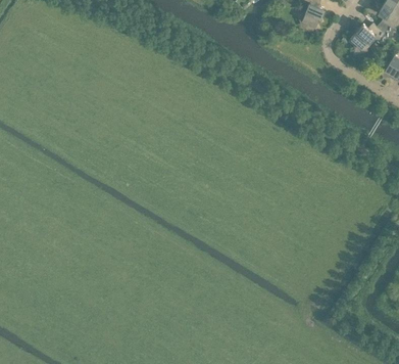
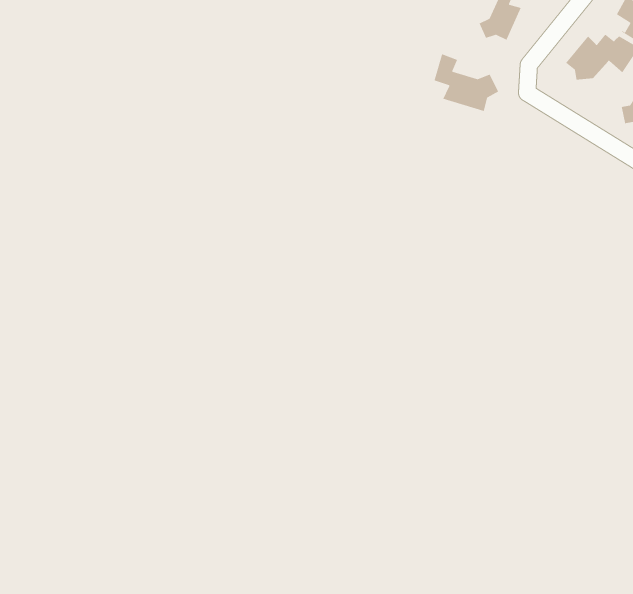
building: none -> [433,53,499,113]

